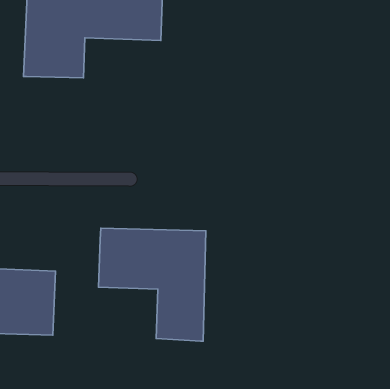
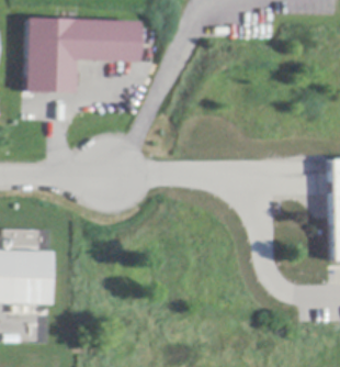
building: [99,228,206,341] -> none

